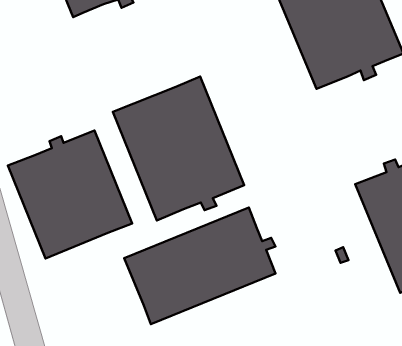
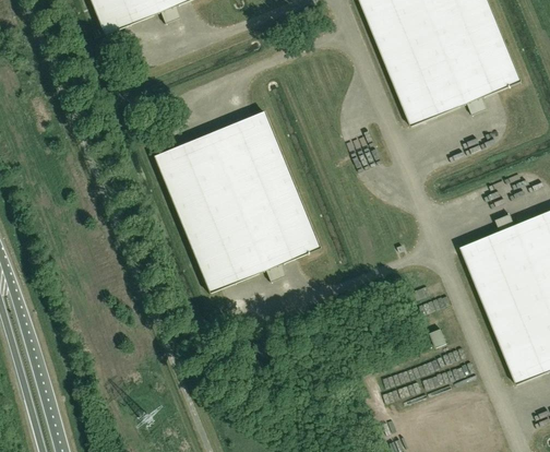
building: [8,131,132,258] -> none
building: [124,208,275,324] -> none

